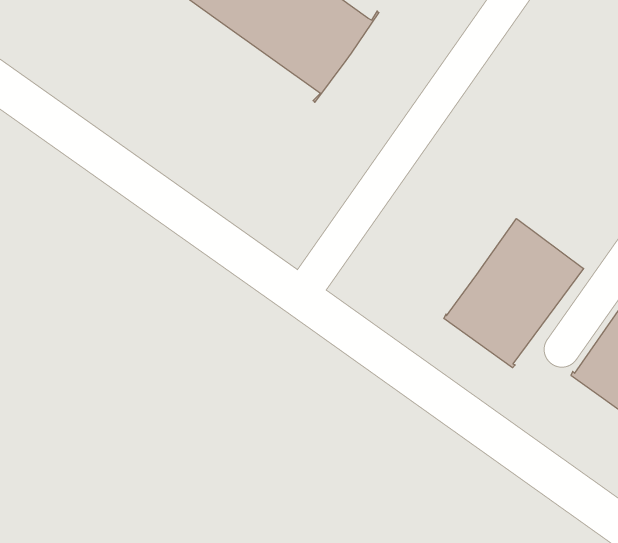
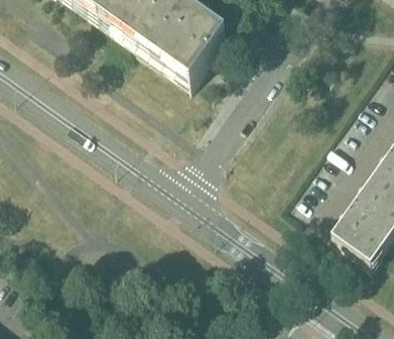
building: [444,219,584,368] -> none

